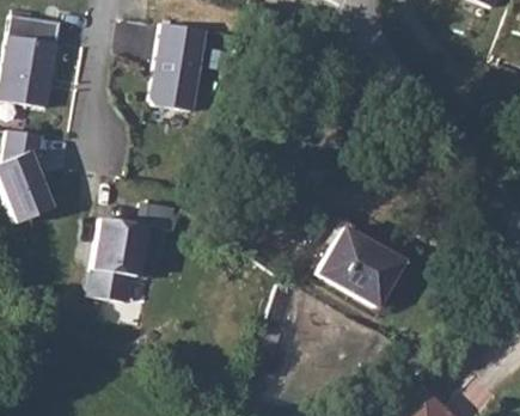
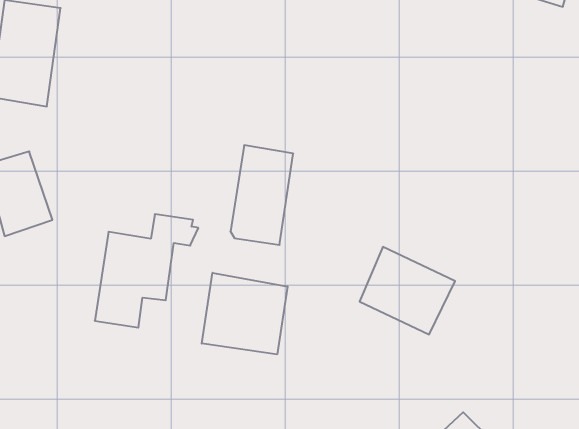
building: [151,22,206,109] -> [230,145,293,245]
building: none -> [202,273,288,354]

